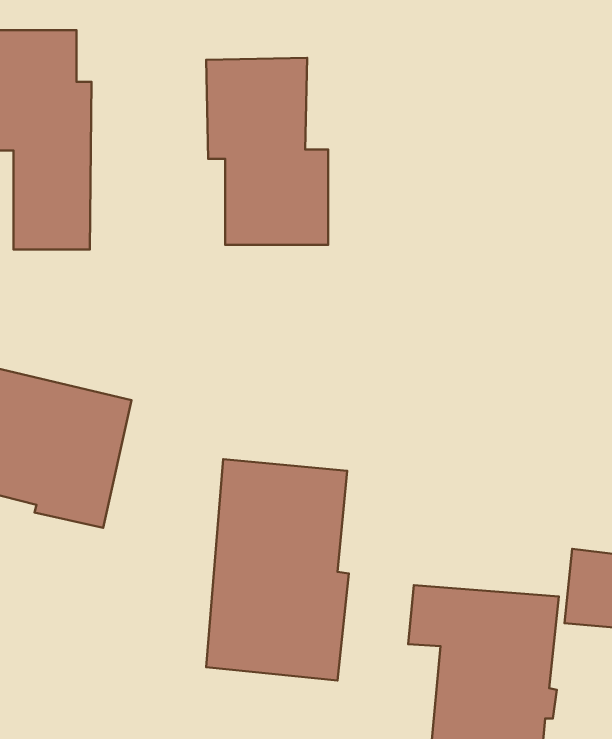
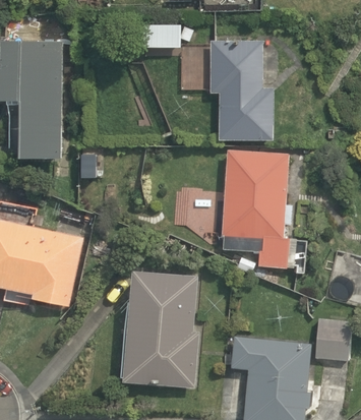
building: [206,58,328,245] -> [208,40,274,139]
building: none -> [220,148,305,273]

